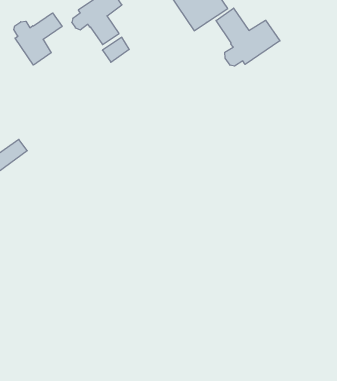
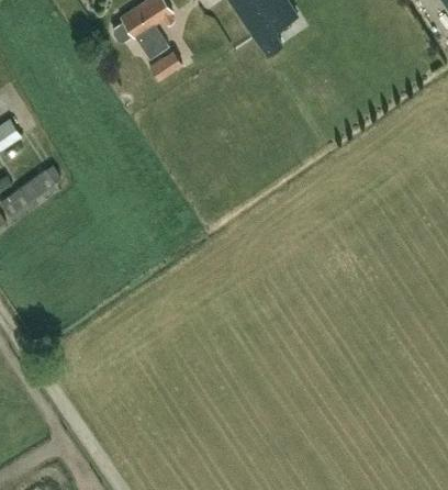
building: [216,8,280,66] -> none
building: [14,13,62,65] -> none

